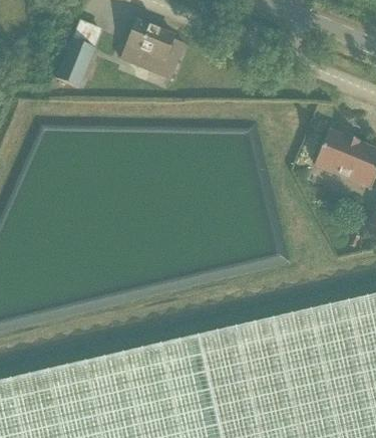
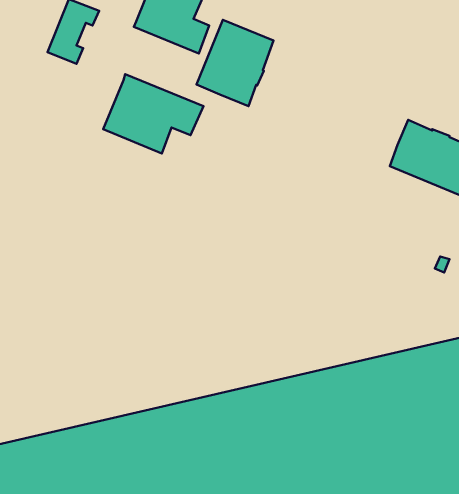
building: none -> [196,20,274,106]
building: none -> [103,74,203,153]

